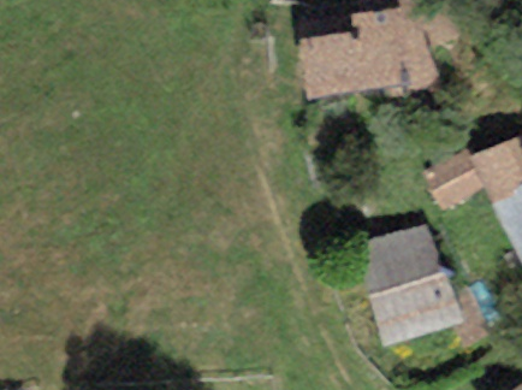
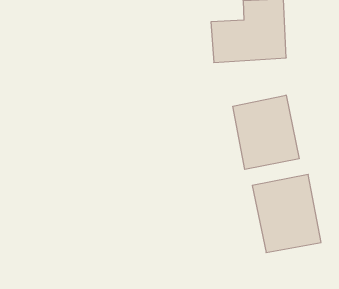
building: none -> [233,95,299,169]

